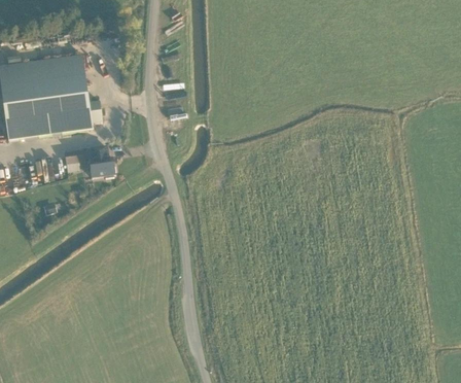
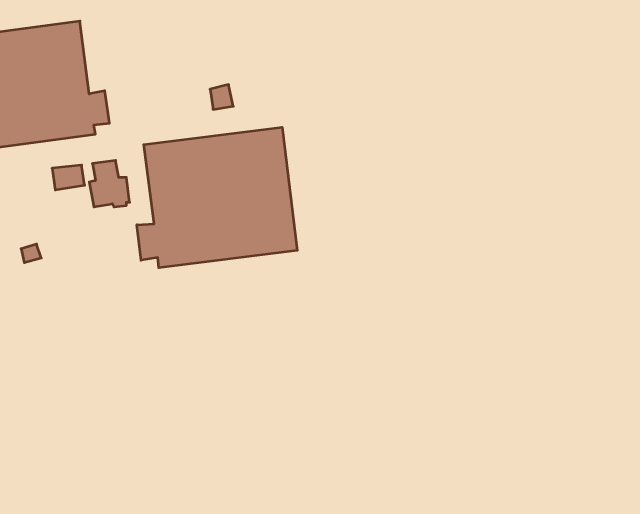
building: none -> [137,127,297,268]

